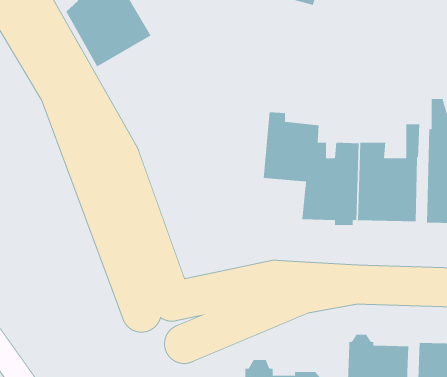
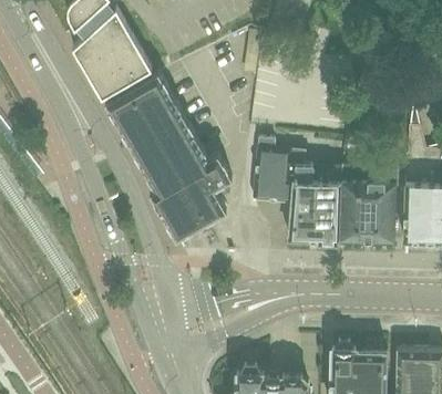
building: none -> [105,74,233,240]

